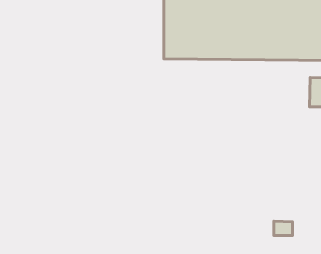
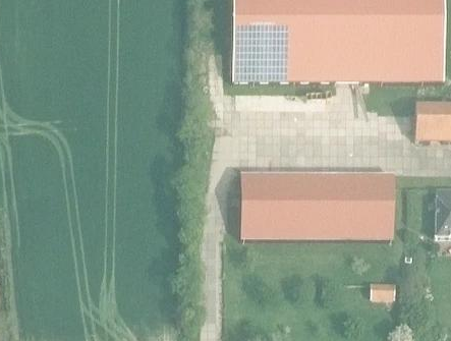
building: none -> [239,173,393,233]

